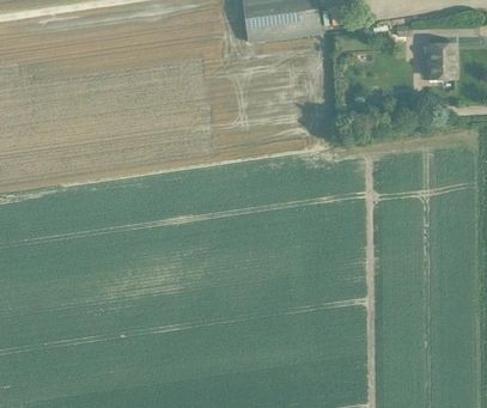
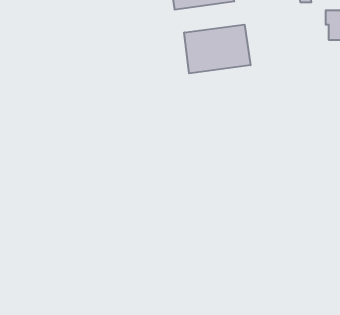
building: none -> [184,25,250,73]

